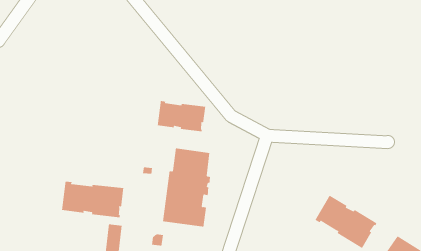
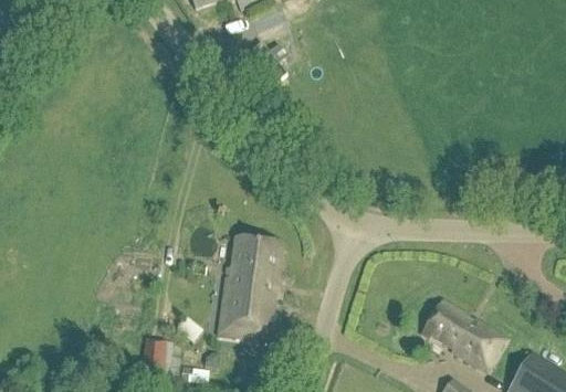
building: [157,100,206,132] -> none
building: [62,181,124,218] -> none

